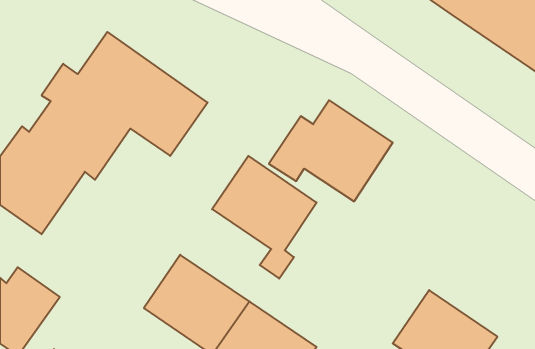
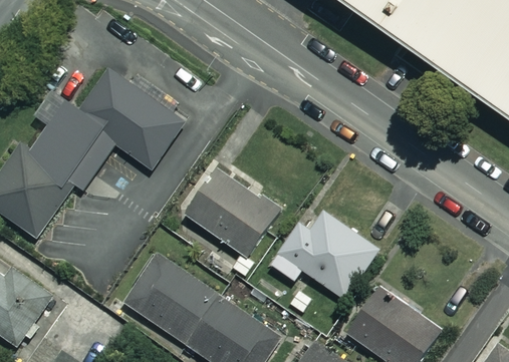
building: [269,100,393,201] -> [271,210,380,299]

